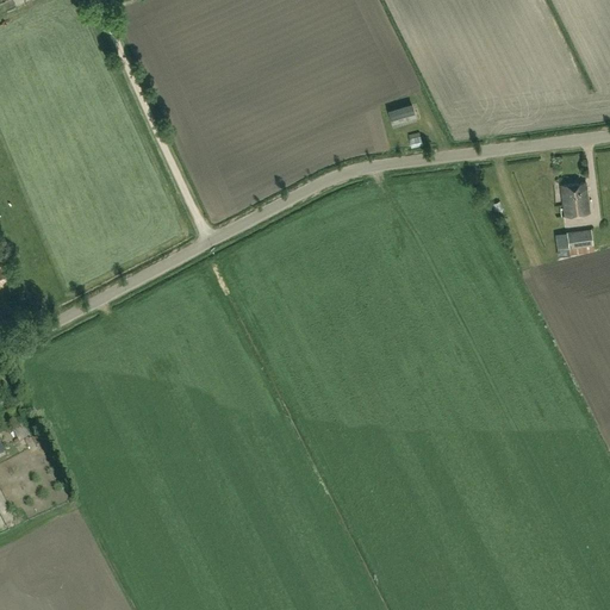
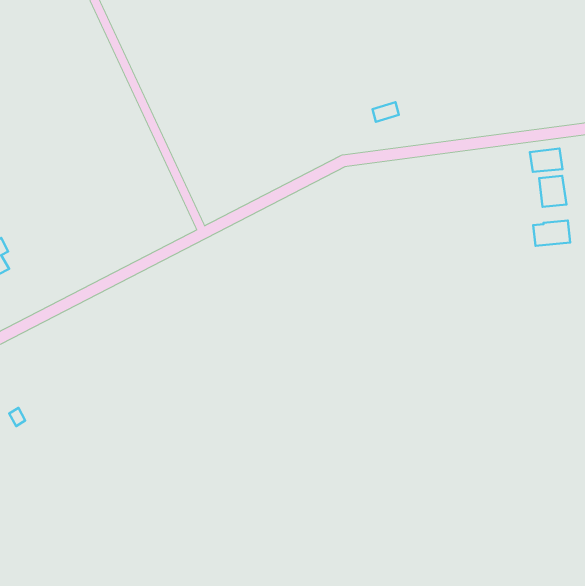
building: none -> [530,148,562,172]

